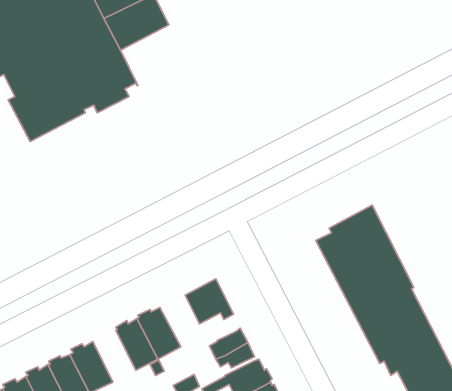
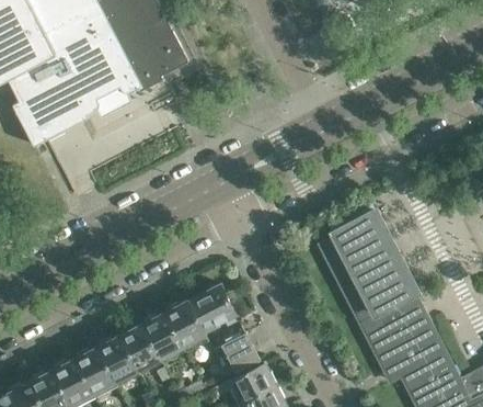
building: none -> [125,30,189,90]
building: none -> [164,298,208,351]
building: none -> [97,335,140,386]

